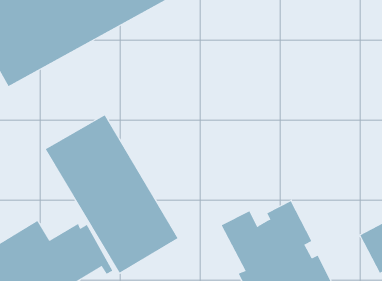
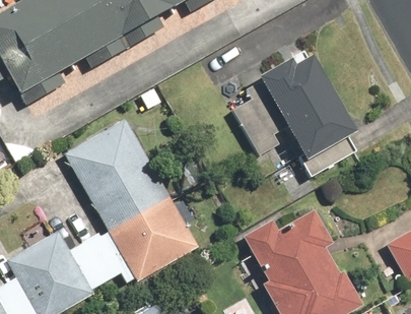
building: none -> [227,52,358,164]

